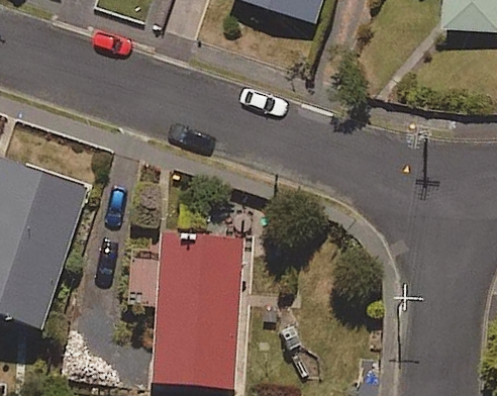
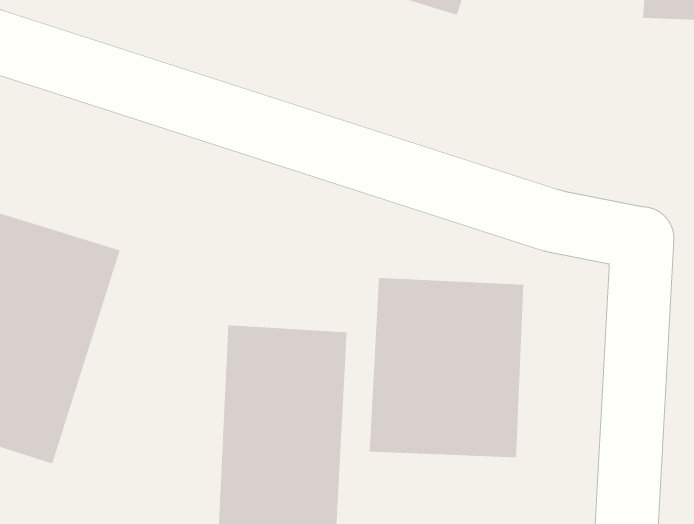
building: none -> [369,277,524,458]

